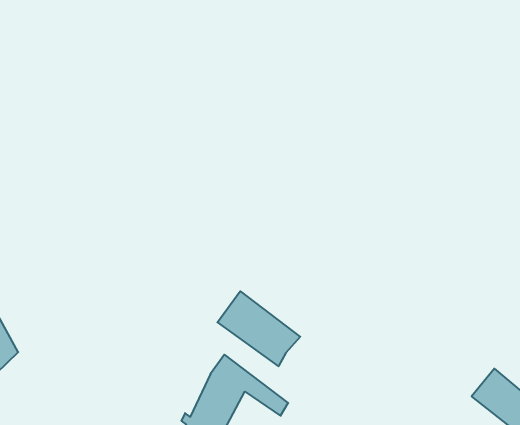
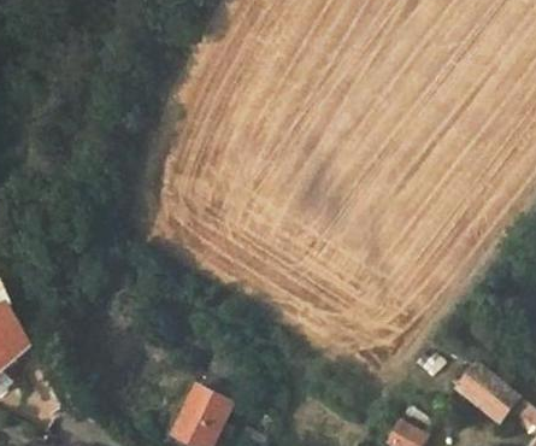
building: [217,291,300,366] -> none

